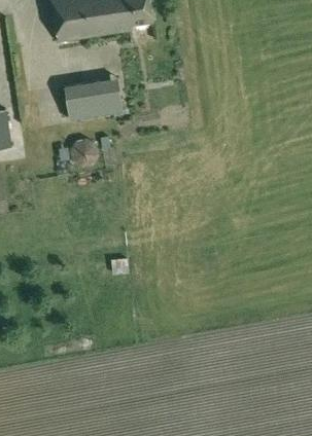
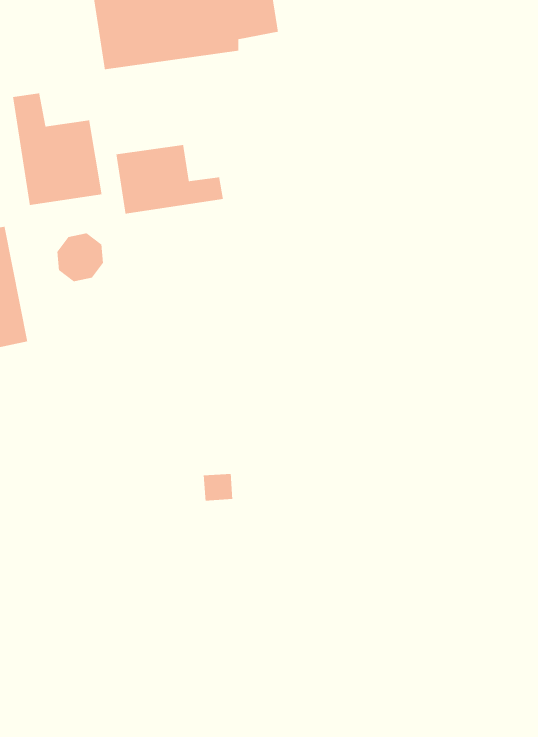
building: none -> [12,93,103,206]
building: [71,138,97,165] -> [56,233,104,282]

